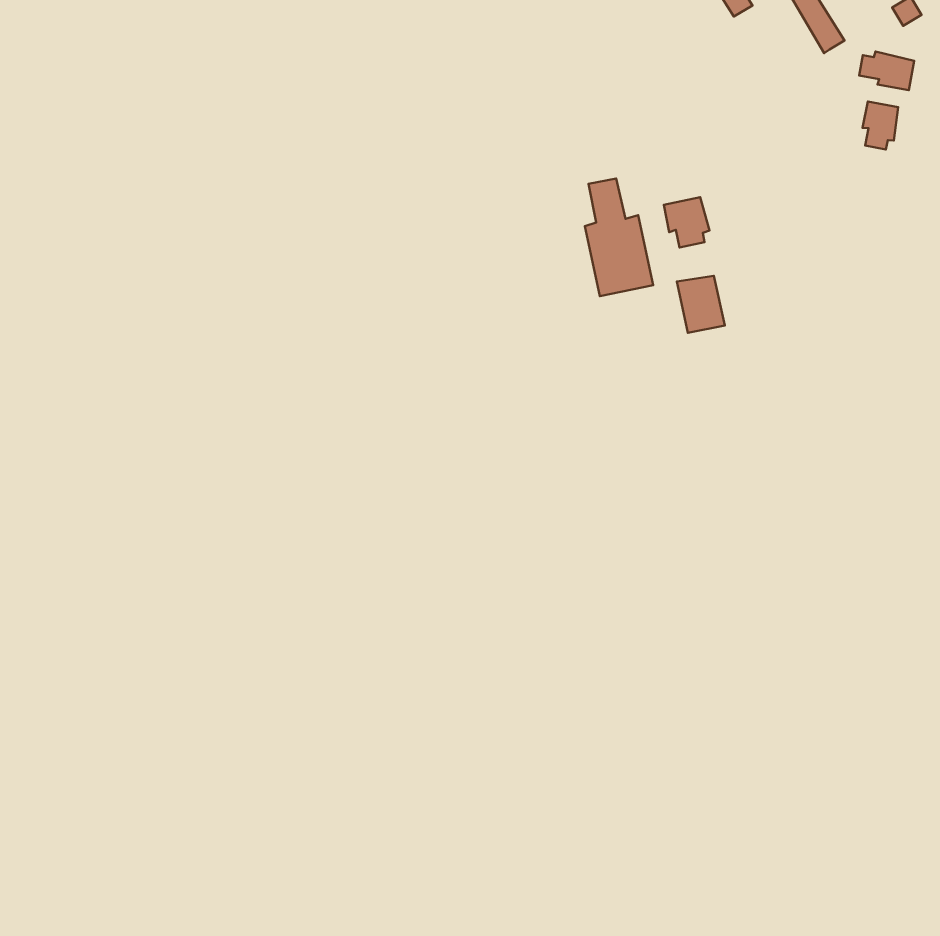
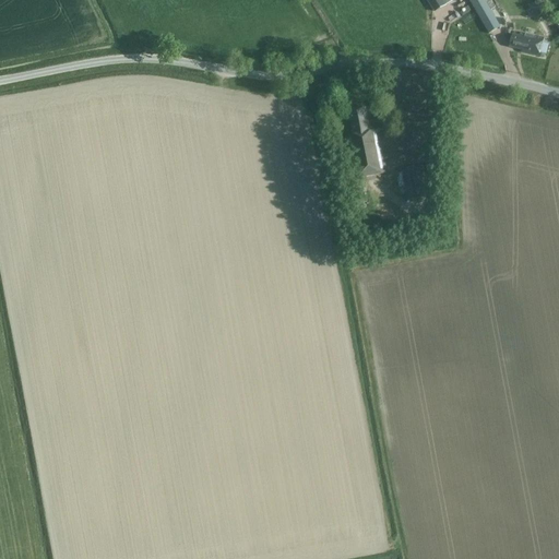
building: [863,102,898,149] -> none
building: [664,197,710,247] -> none

